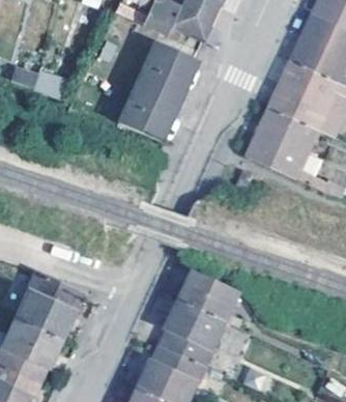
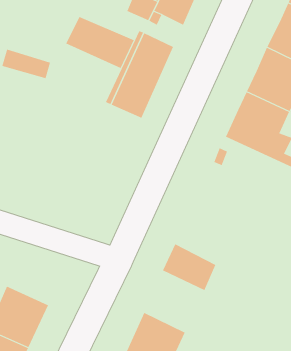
building: none -> [66,16,134,69]
building: [12,270,79,338] -> none
building: [160,300,225,367] -> none

